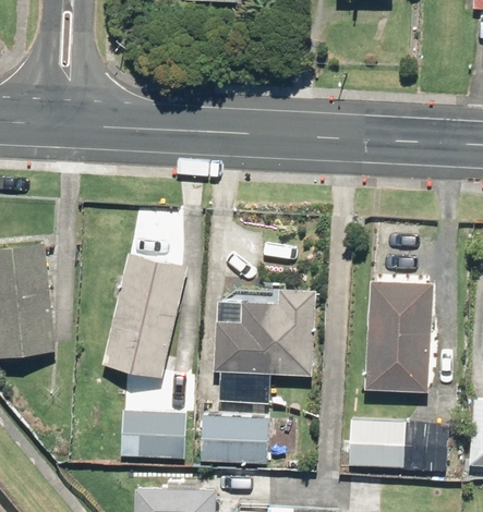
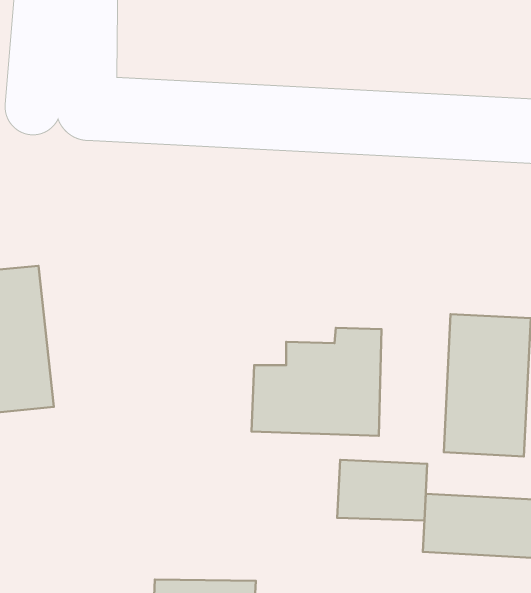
building: [102,253,189,378] -> none
building: [120,410,189,460] -> none
building: [198,416,269,464] -> [337,460,427,521]

